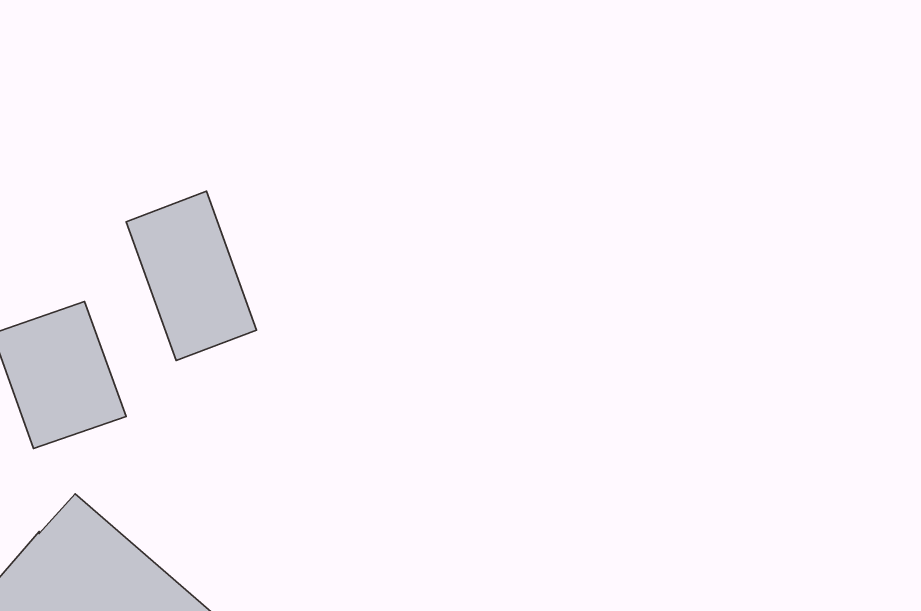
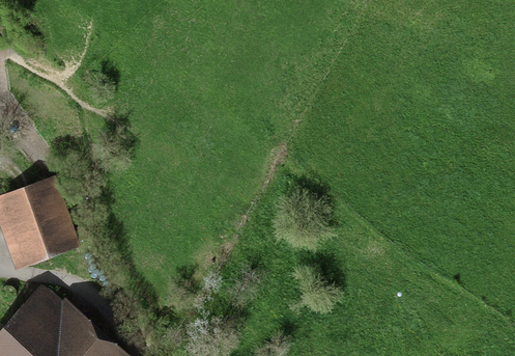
building: [126,191,257,361] -> none

